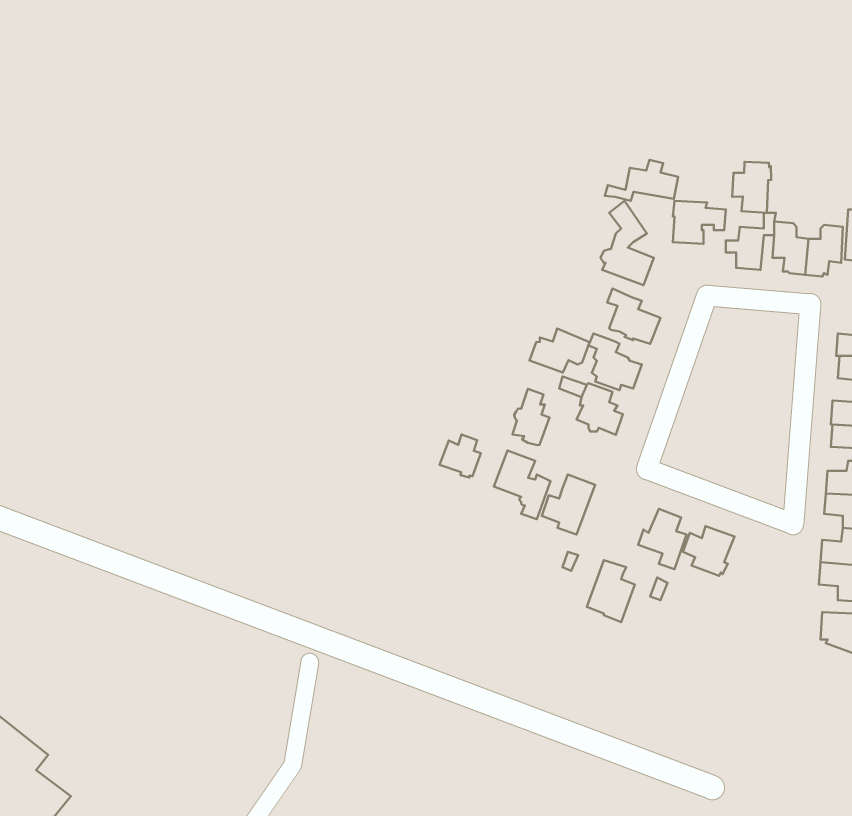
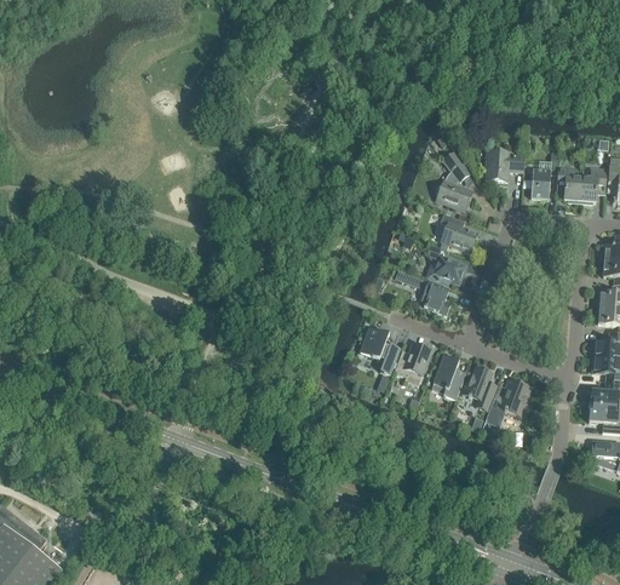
building: [605,160,678,201] -> none
building: [732,162,771,213] -> none
building: [530,328,590,373] -> none
building: [512,389,549,445] -> none
building: [440,434,481,478] -> none
building: [587,560,635,622] -> [432,355,466,398]

